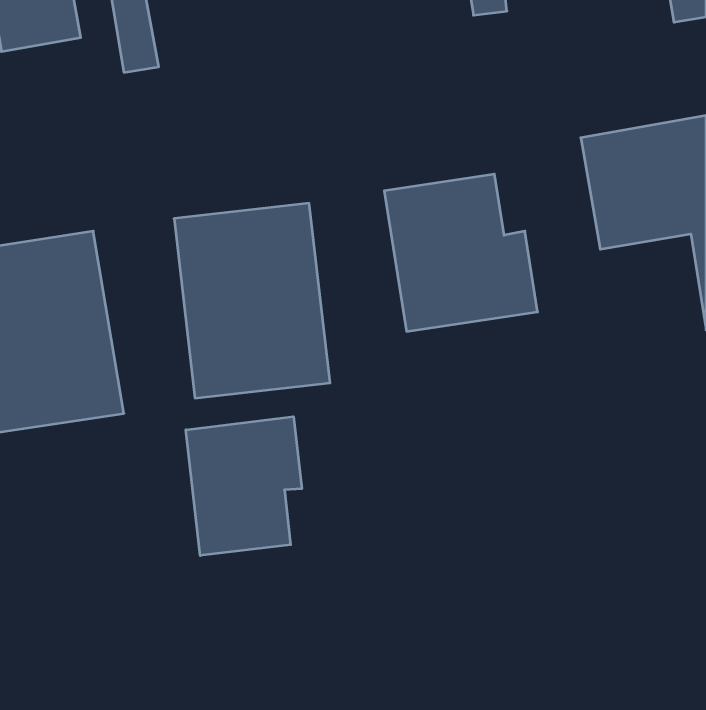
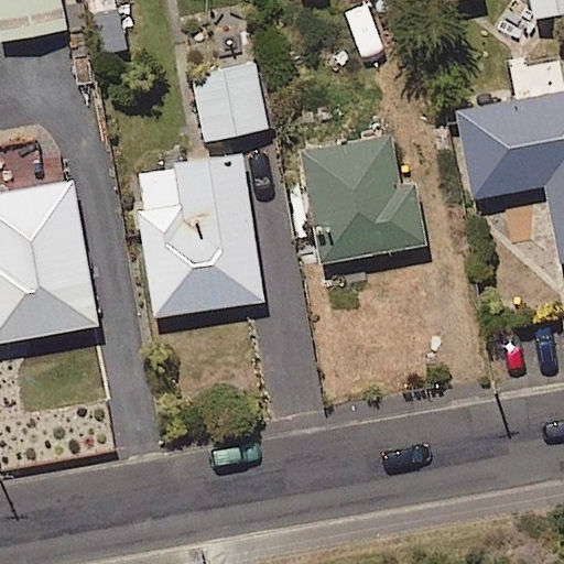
building: none -> [193,65,267,141]
building: [186,417,302,556] -> none

